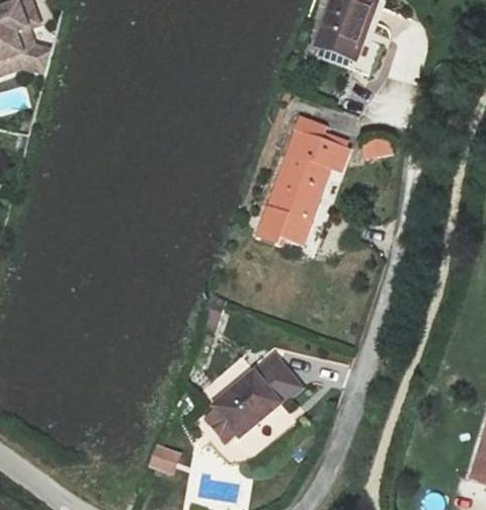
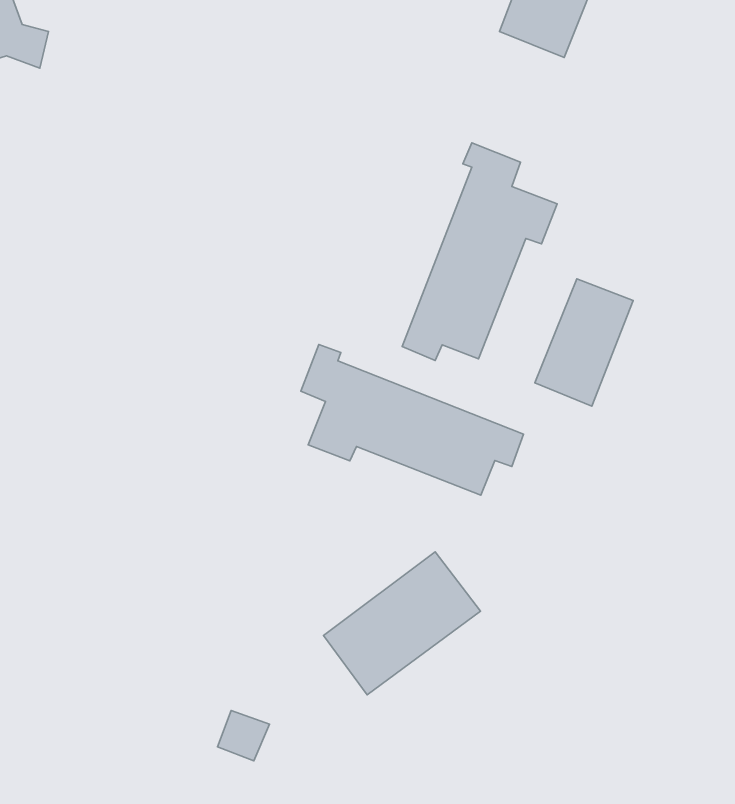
building: none -> [535,279,633,406]
building: none -> [301,344,523,495]

